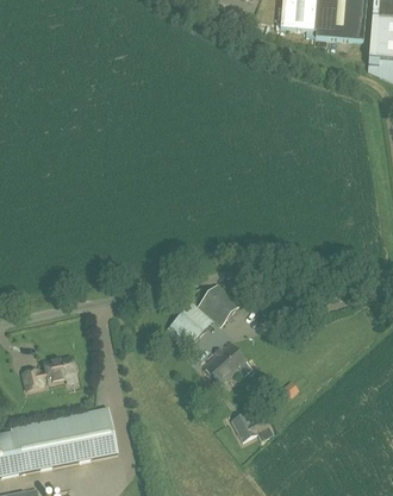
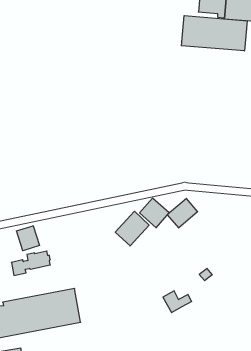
building: none -> [181,16,247,51]
building: none -> [16,226,39,251]
building: [205,341,247,382] -> [167,198,198,228]

